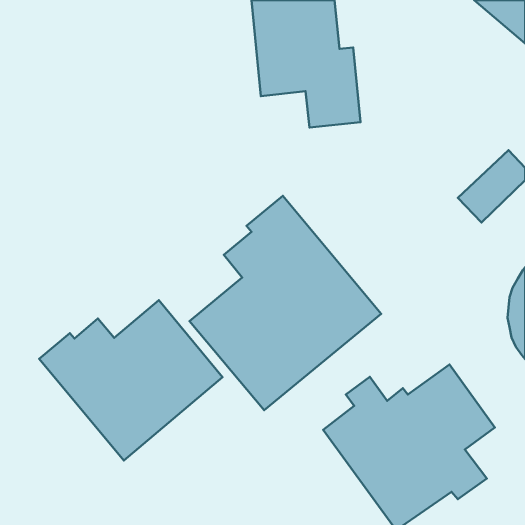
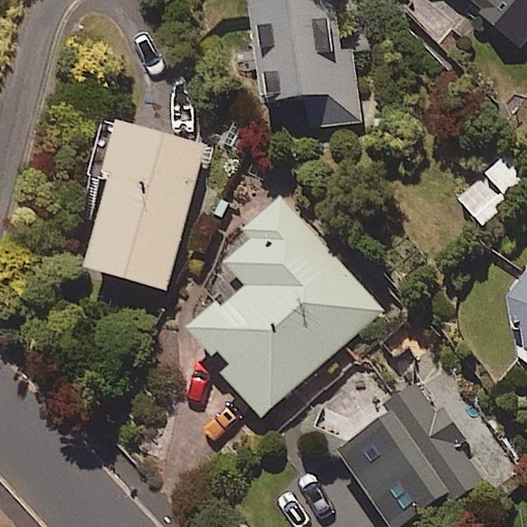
building: none -> [83,117,207,285]
building: [39,300,223,460] -> none

